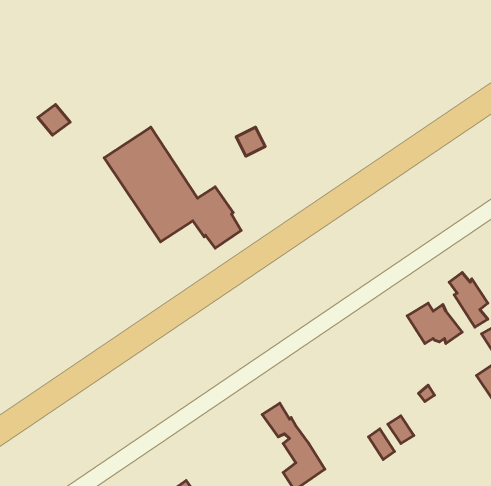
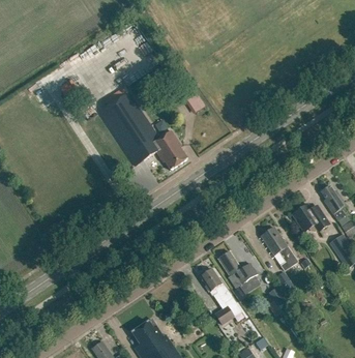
building: none -> [261,226,298,269]
building: none -> [220,250,260,293]

